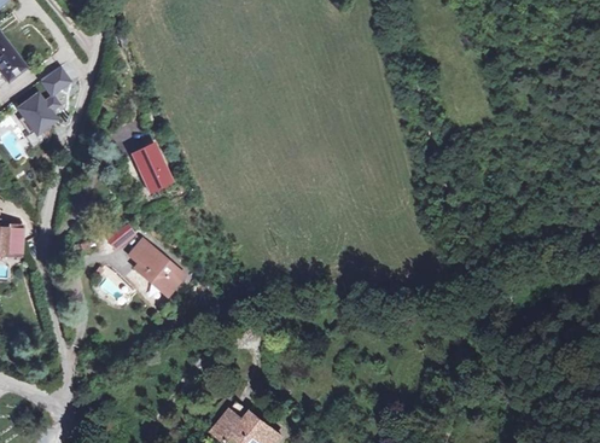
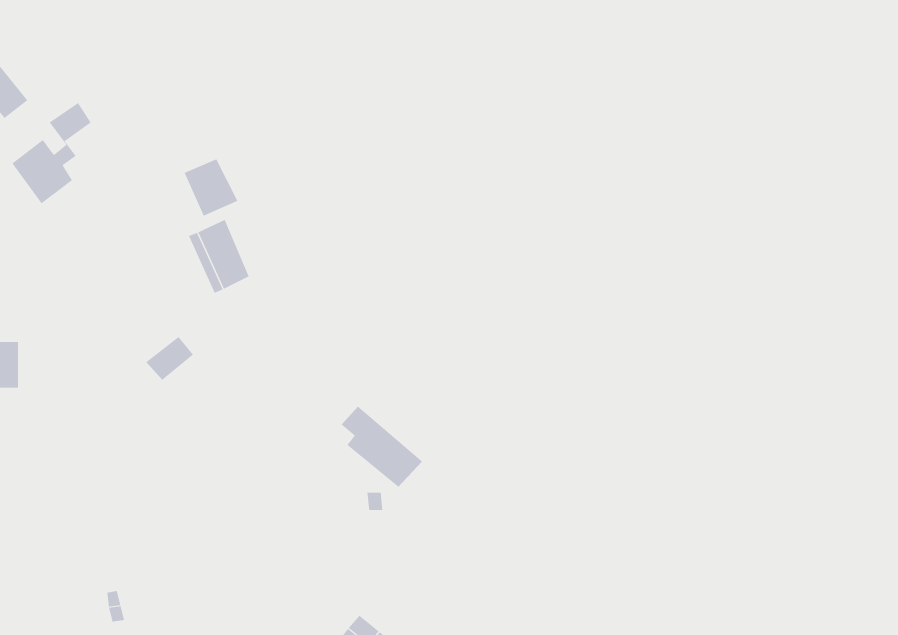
building: none -> [184,159,238,216]
building: [132,240,185,293] -> [341,406,423,488]

